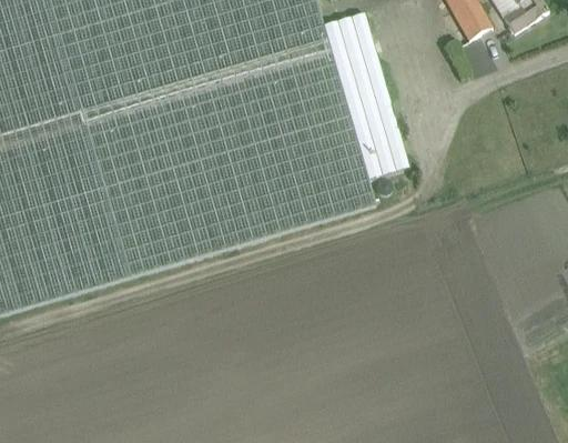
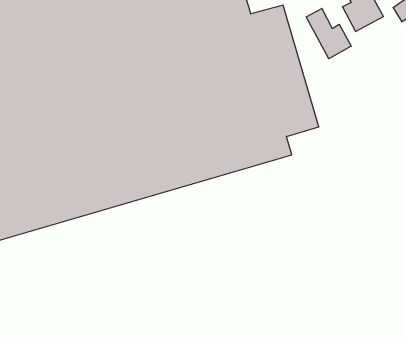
building: none -> [306,8,351,59]

